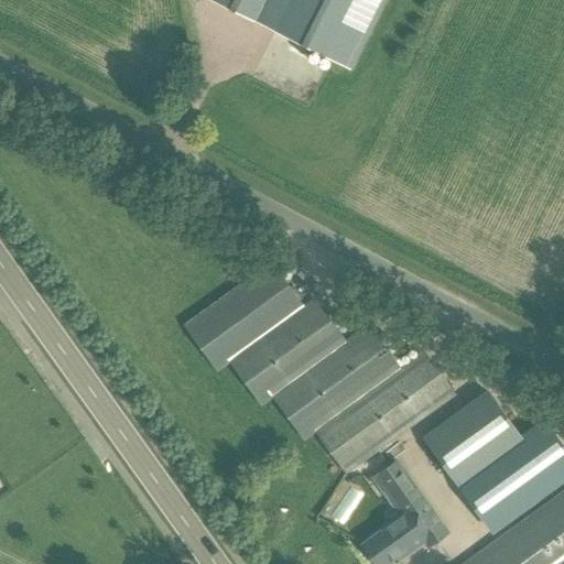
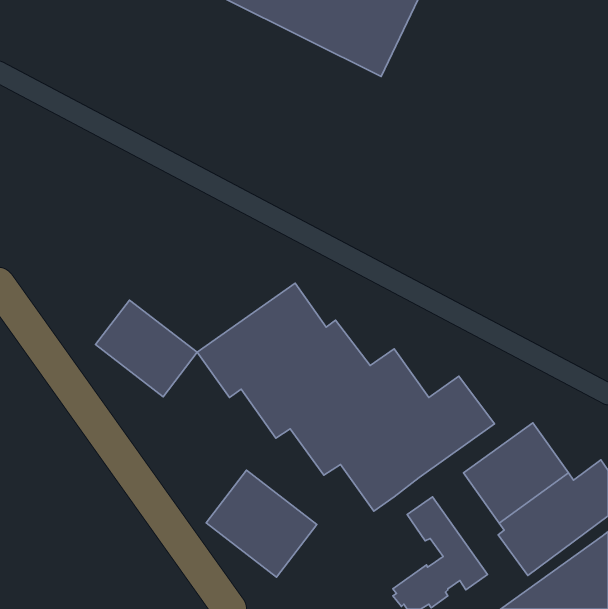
building: none -> [96,300,197,397]
building: none -> [206,470,317,577]

